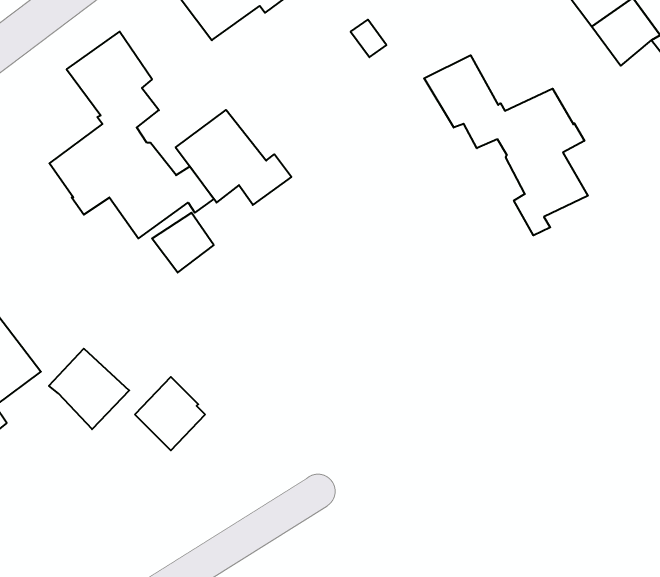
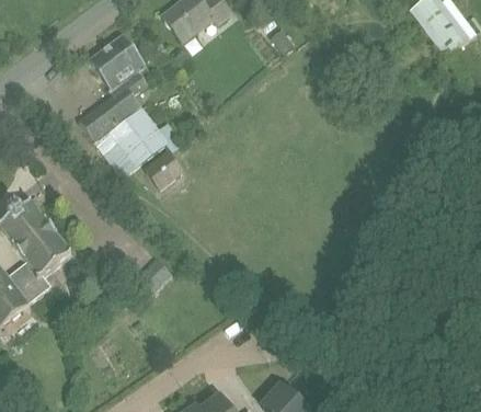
building: [424,55,588,235] -> none
building: [176,110,291,205] -> none
building: [49,349,129,429] -> none

